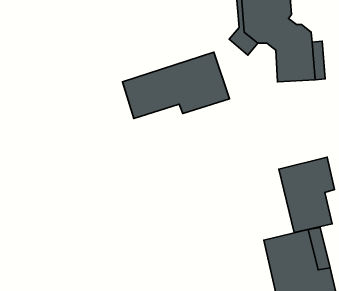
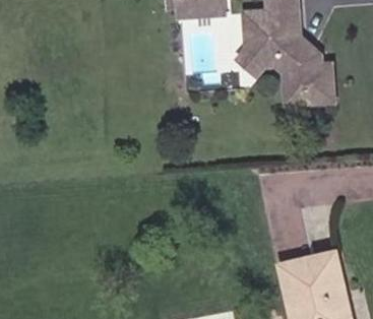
building: [123,52,229,119] -> none
building: [279,157,335,233] -> none

